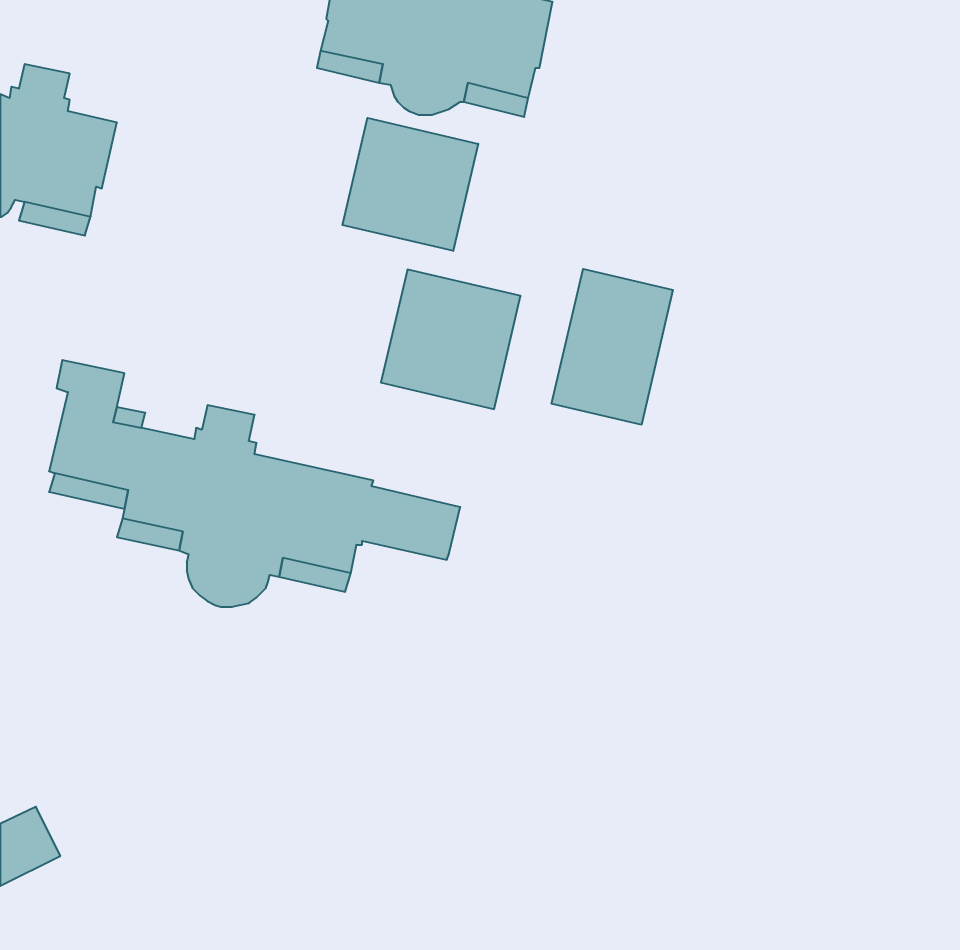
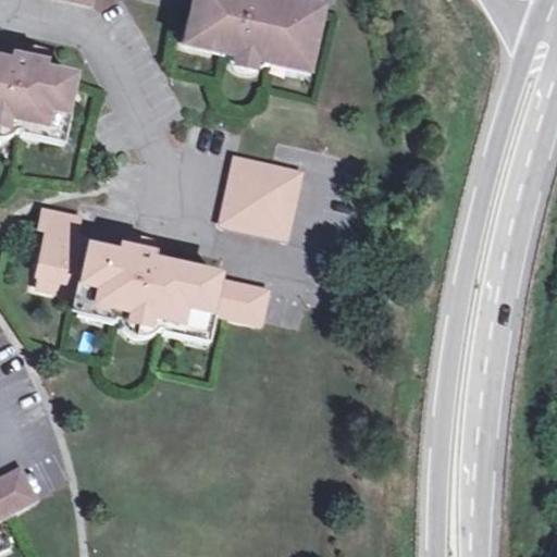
building: [342,118,478,251] -> none
building: [552,269,673,425] -> none

